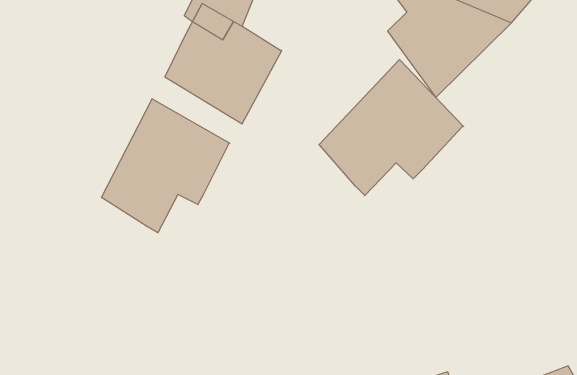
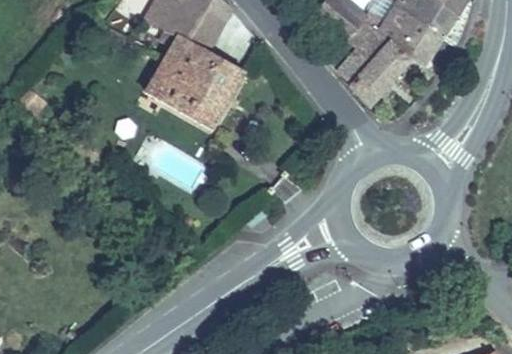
building: [319,60,464,196] -> none
building: [102,99,230,233] -> none

